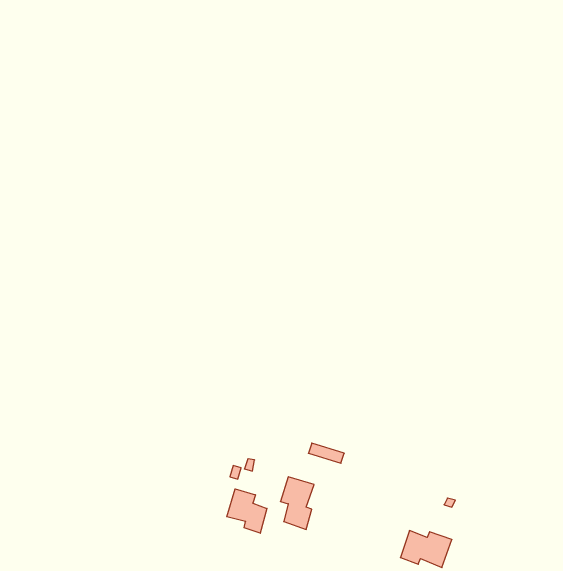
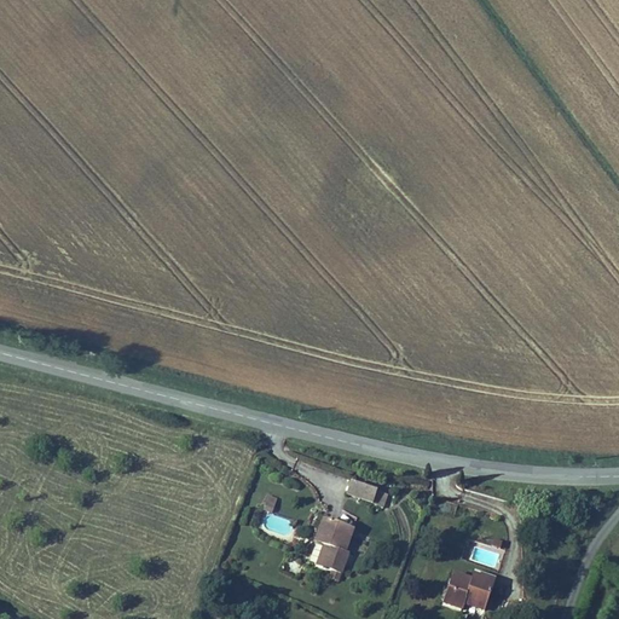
building: [227,489,267,533] -> none

